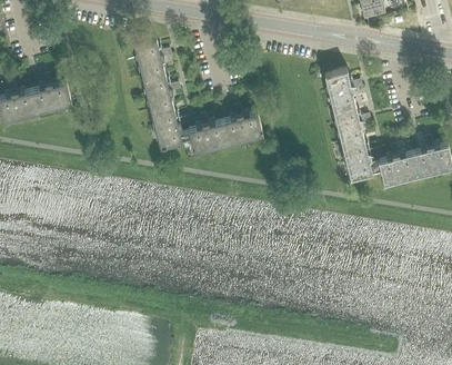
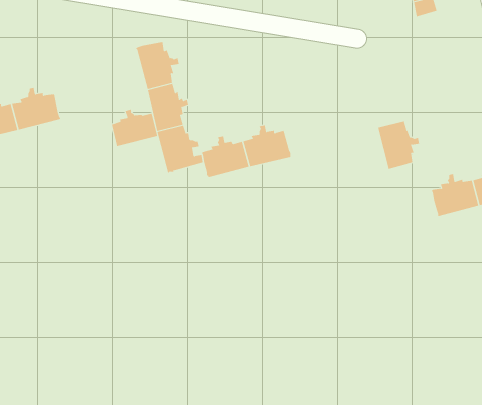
building: [324,68,360,108] -> none
building: none -> [111,109,158,147]
building: [342,137,380,177] -> none

